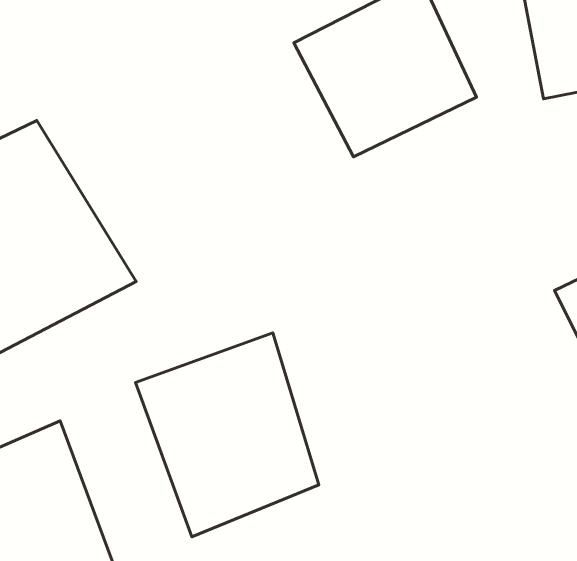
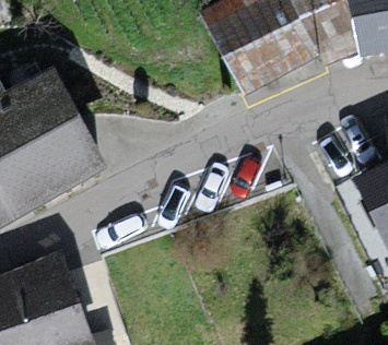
building: [135,333,319,537] -> none

